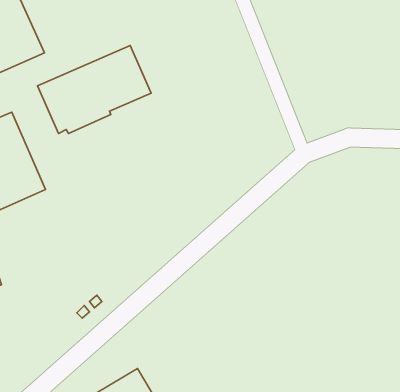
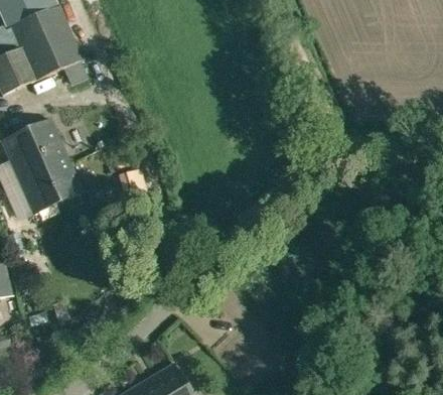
building: [38,45,151,133] -> none

